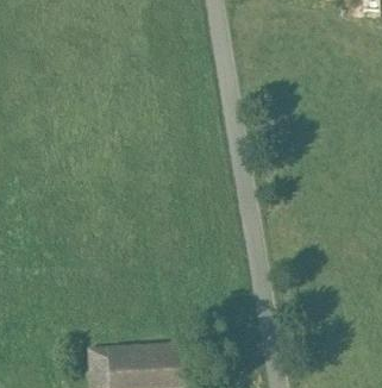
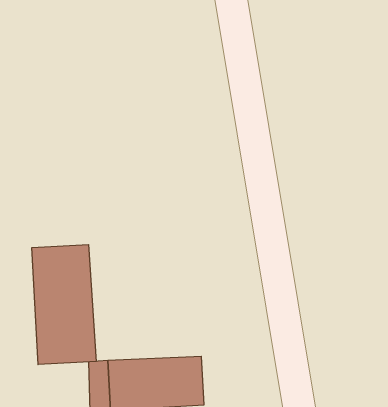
building: none -> [32,245,96,365]

